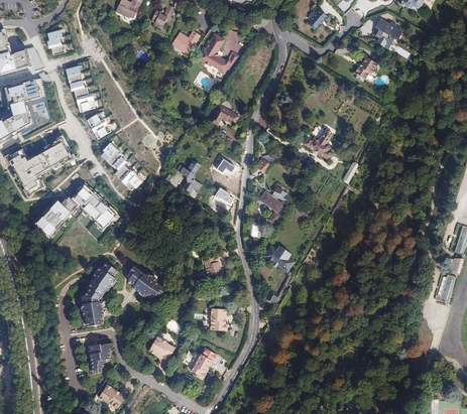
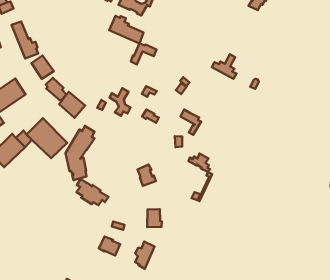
building: none -> [109,16,143,43]
building: [80,262,117,326] -> [65,126,95,180]
building: [88,342,113,373] -> none

